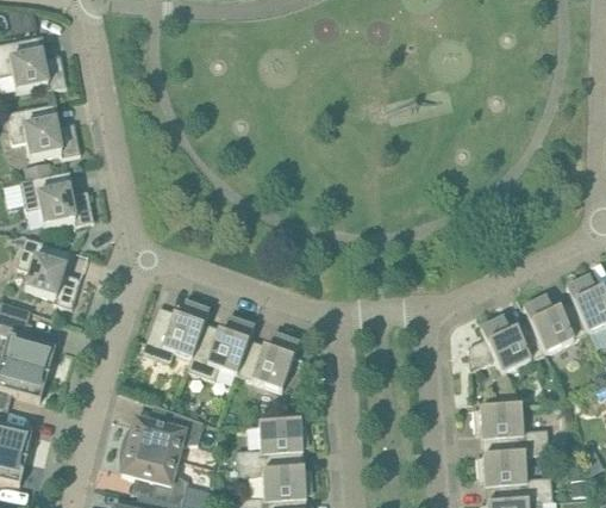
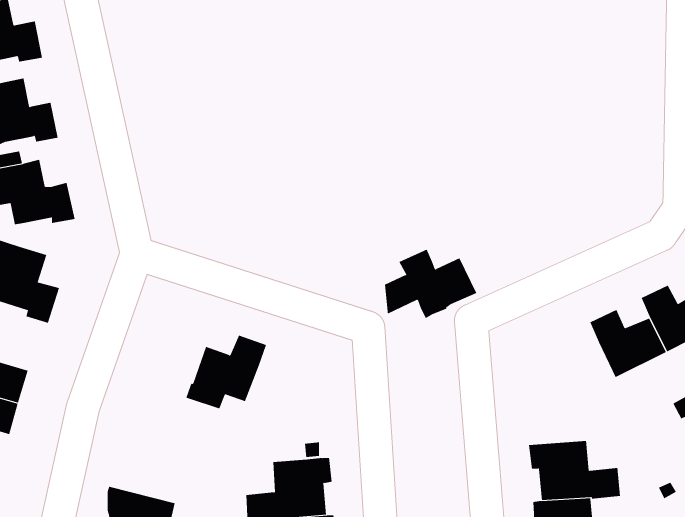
building: [140,302,208,364] -> none
building: [467,316,544,374] -> [384,249,477,319]
building: [236,333,298,390] -> none
building: [121,409,202,458] -> none

